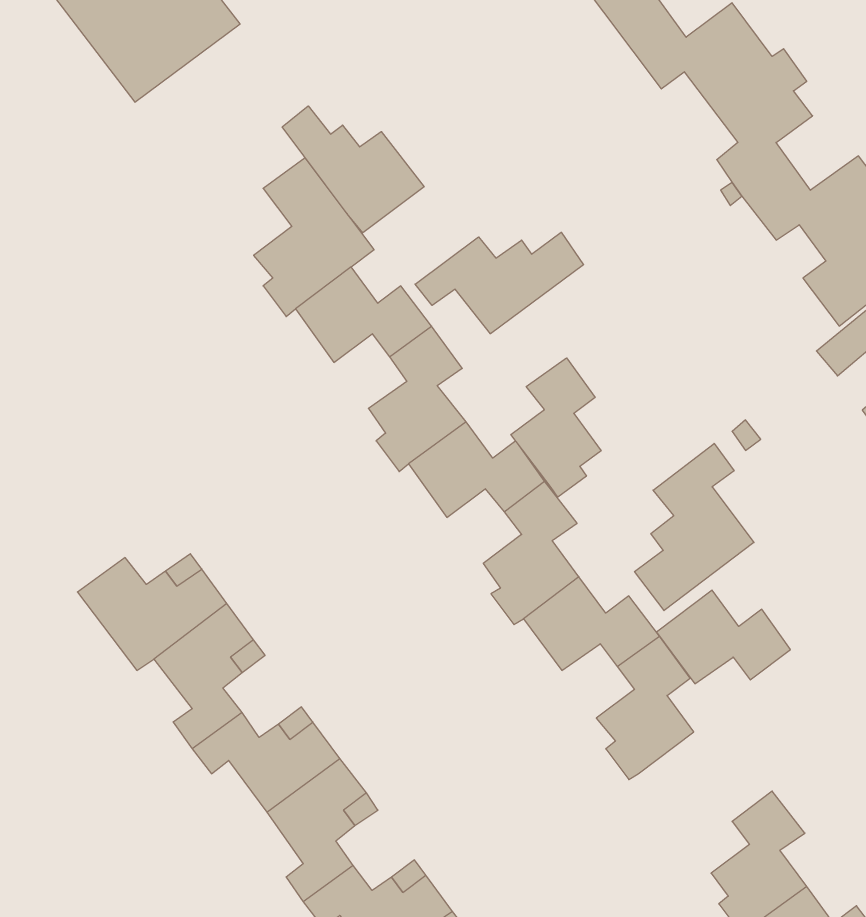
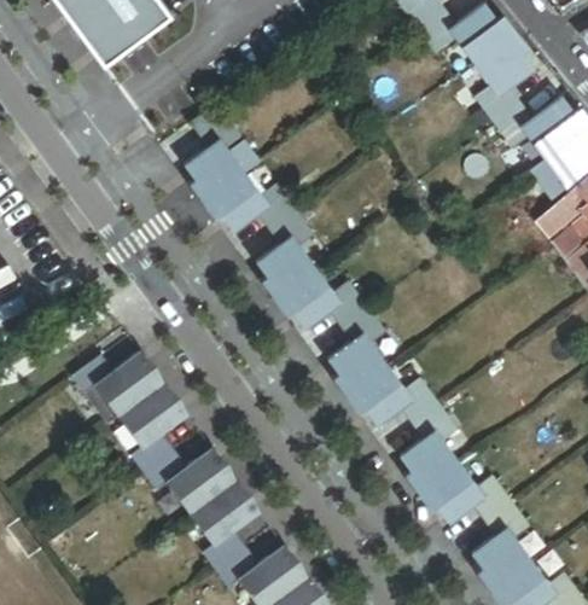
building: [282,106,424,233] -> none
building: [415,232,584,334] -> none
building: [511,358,601,497] -> none
building: [635,443,754,611] -> none
building: [656,590,790,684] -> [425,464,510,523]

